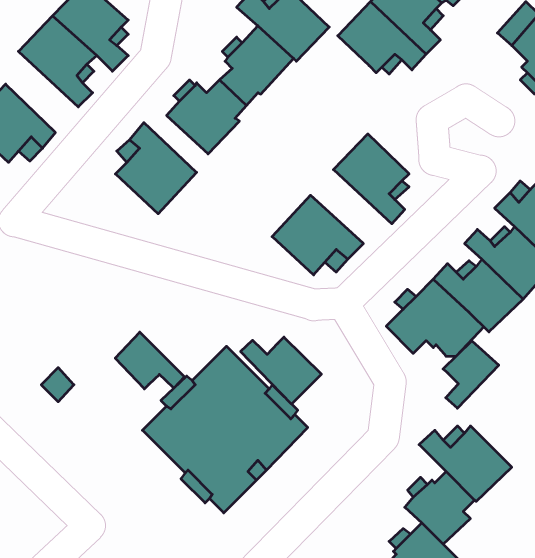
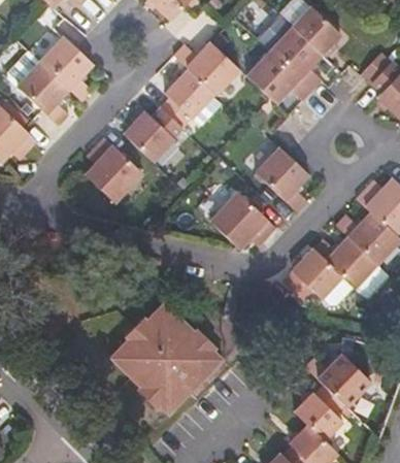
building: [115,332,185,389] -> none
building: [241,337,321,404] -> none
building: [443,341,499,408] -> none

